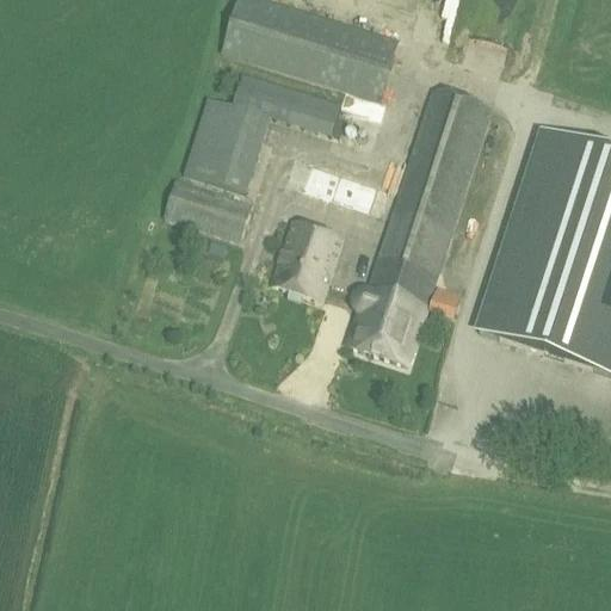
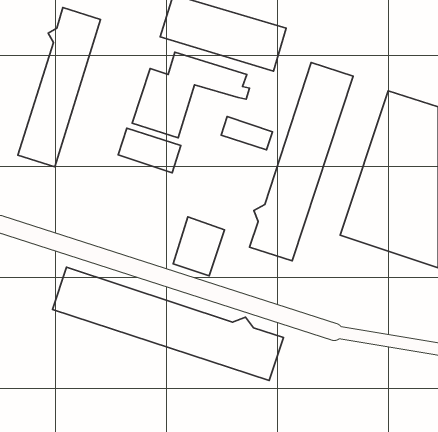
building: none -> [18,8,101,167]
building: [271,217,342,300] -> [173,217,225,276]
building: none -> [52,267,284,381]

